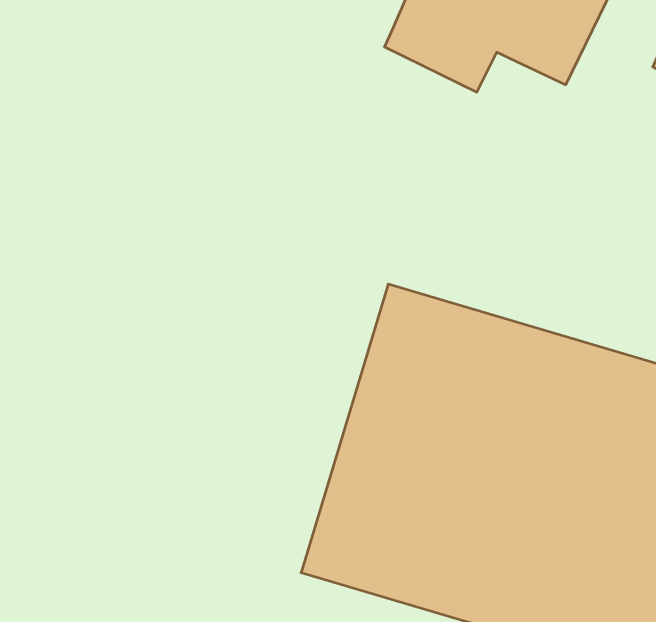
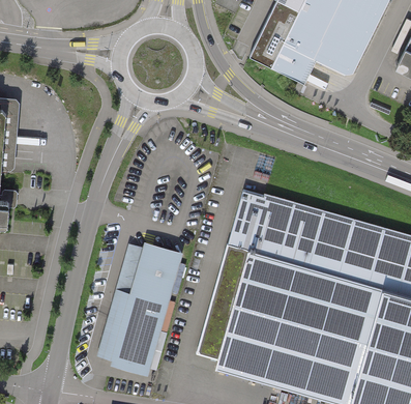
building: none -> [96,248,179,372]

